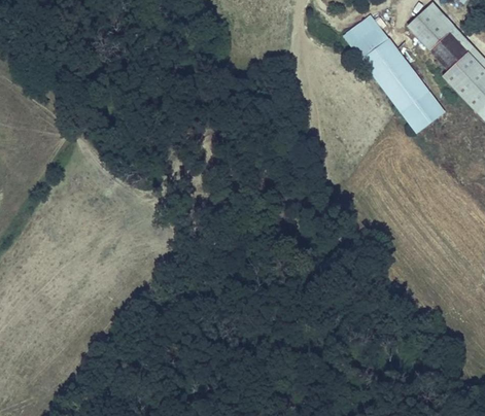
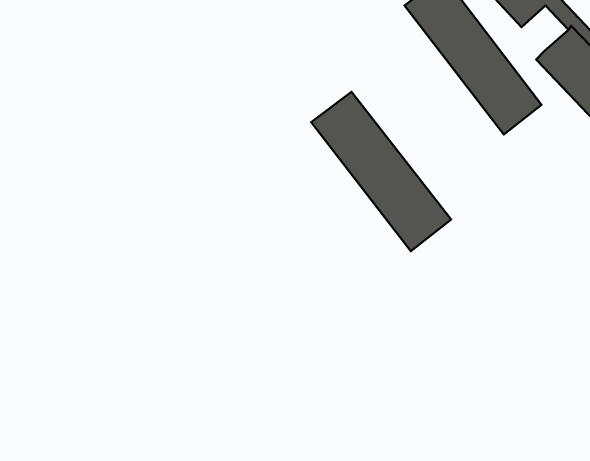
building: [430,35,466,70] -> none
building: none -> [311,92,451,251]

